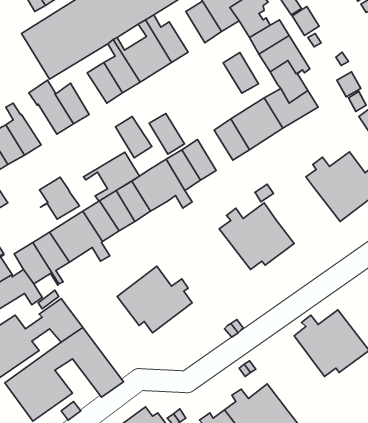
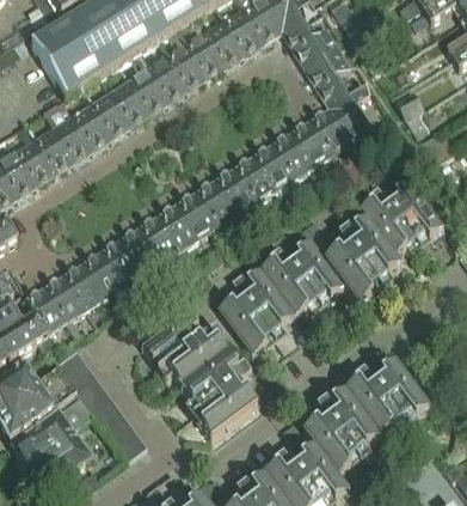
building: [223,53,258,93] -> [202,17,242,63]
building: none -> [32,123,73,170]
building: [149,114,185,154] -> [234,153,275,200]
building: [115,116,152,158] -> [88,87,130,135]
building: [84,152,139,201] -> none
building: [40,177,79,219] -> none
building: none -> [325,218,401,304]
building: none -> [217,267,295,354]
building: none -> [183,352,257,437]
building: none -> [303,390,380,476]

